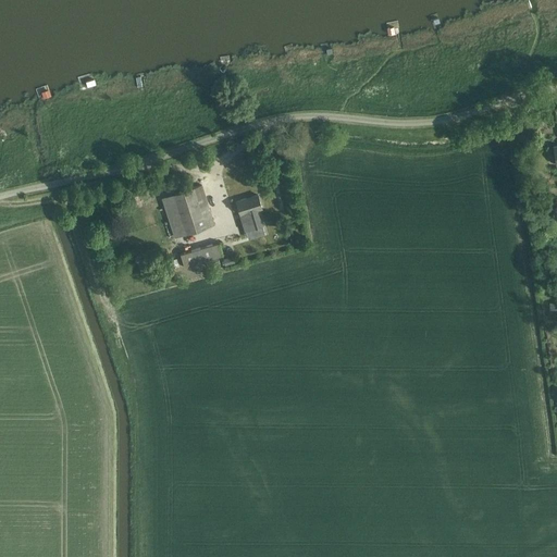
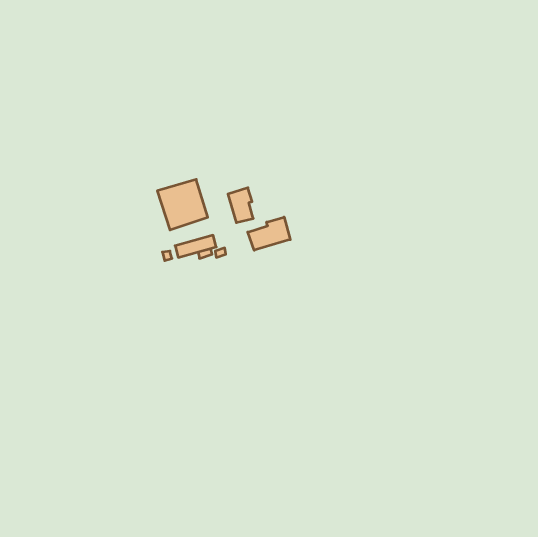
building: none -> [248,217,290,250]

